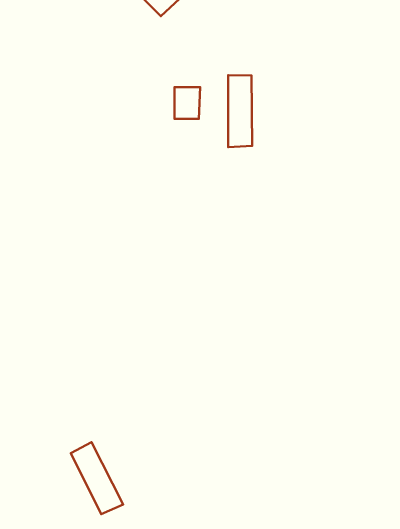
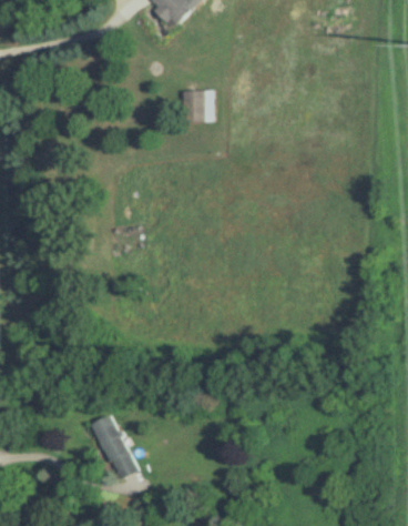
building: [228,75,252,147] -> none

